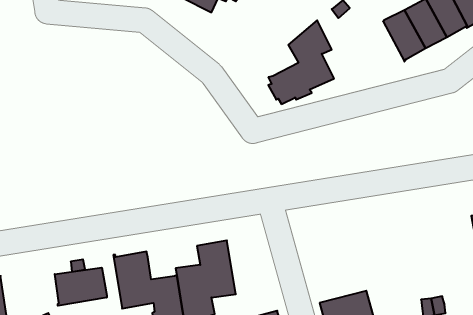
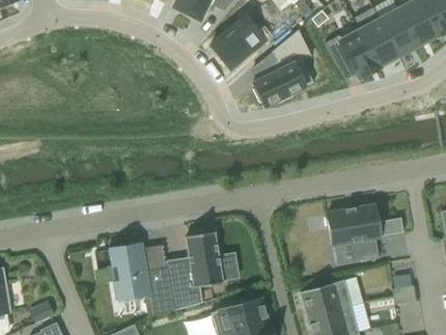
building: none -> [211,16,267,69]
building: none -> [325,25,380,78]
building: none -> [327,206,403,263]
building: [55,268,107,306] -> none

